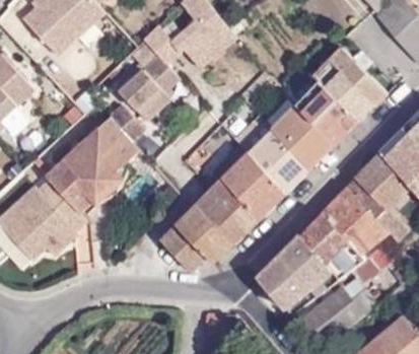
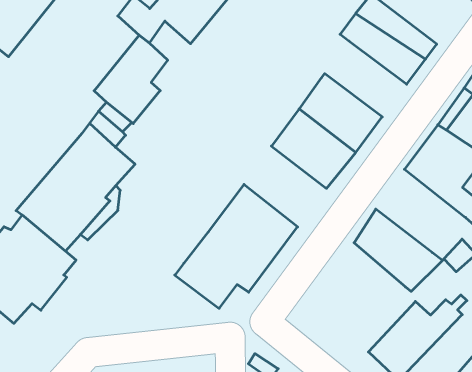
building: [296,81,358,143] -> none
building: [222,153,285,218] -> none
building: [321,186,389,253] -> none
building: [258,236,335,312] -> none

